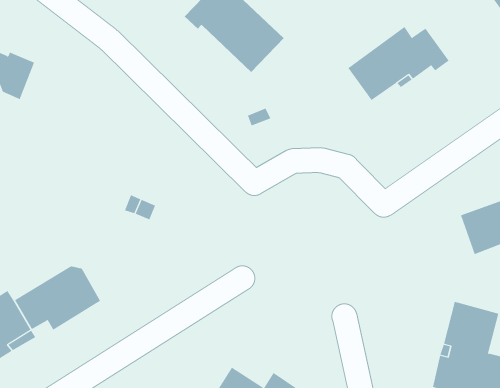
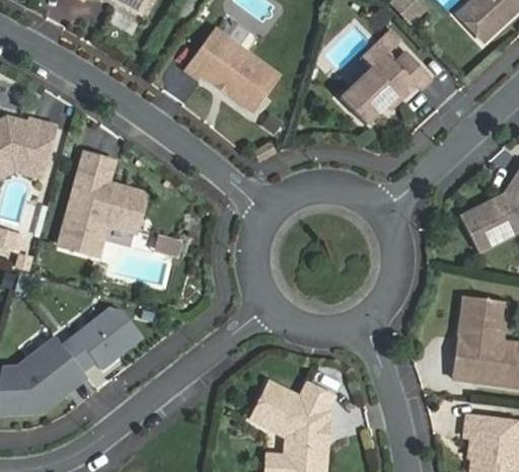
building: none -> [59,153,145,254]

